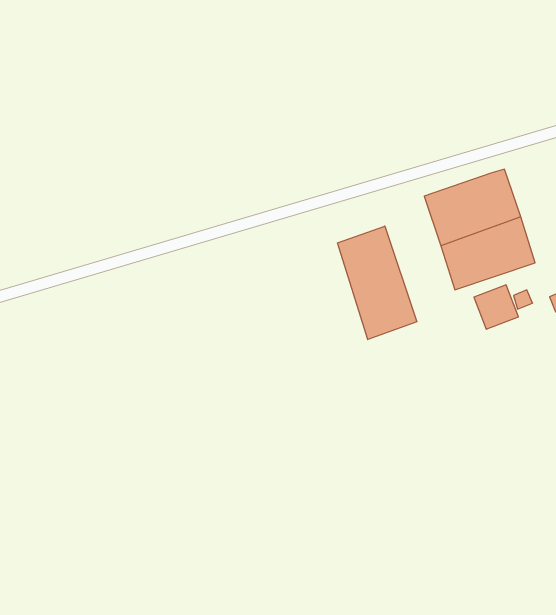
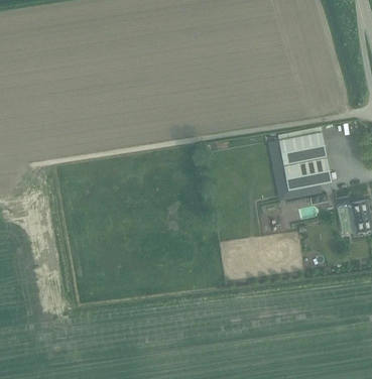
building: [338,226,417,340] -> none

